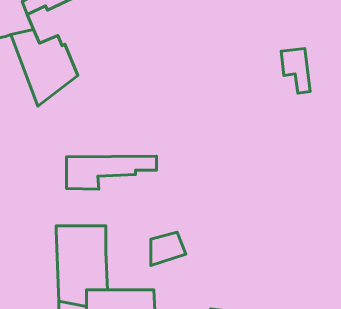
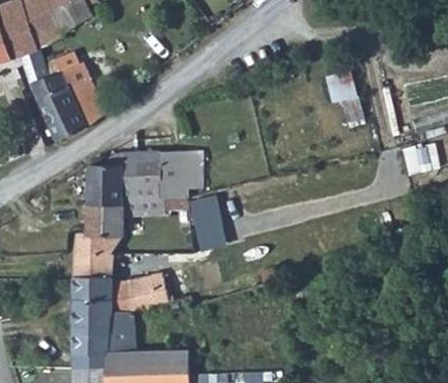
building: none -> [85,152,194,197]
building: none -> [195,196,229,233]
building: none -> [72,233,122,276]
building: [151,232,186,265] -> [130,268,170,306]

